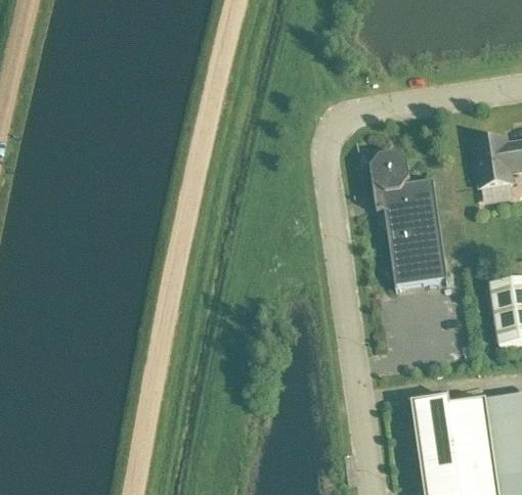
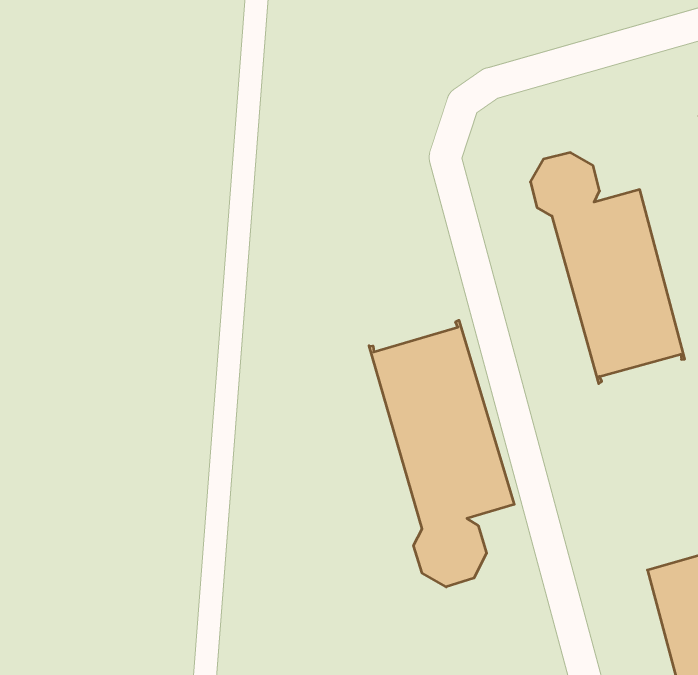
building: none -> [369,320,514,587]

